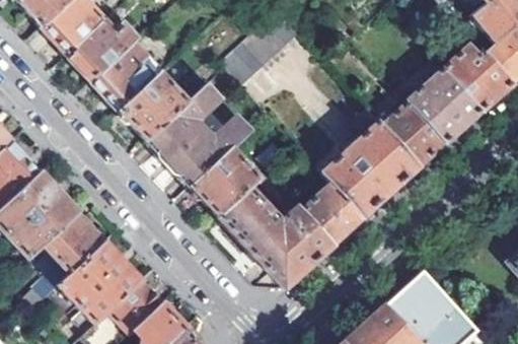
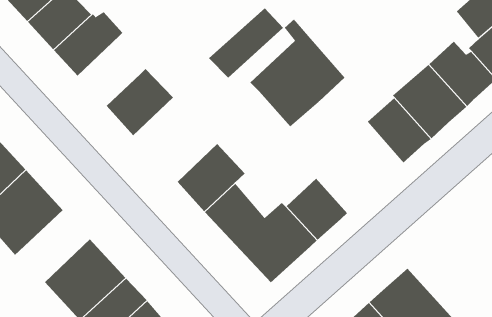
building: [93,40,156,110] -> none
building: [149,82,253,186] -> none
building: [323,109,420,217] -> [250,19,346,127]
building: [34,214,105,299] -> none

